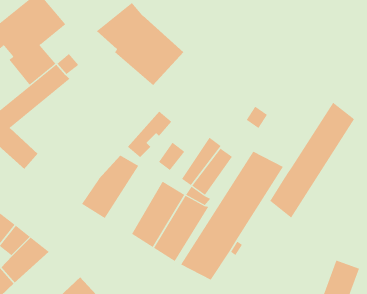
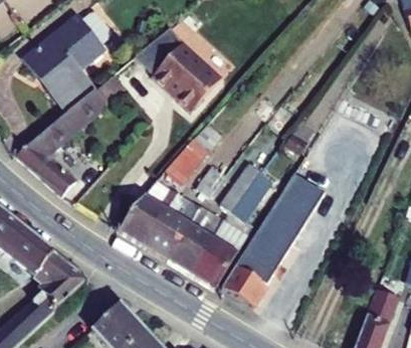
building: [269,102,355,218] -> none
building: none -> [144,190,201,258]

